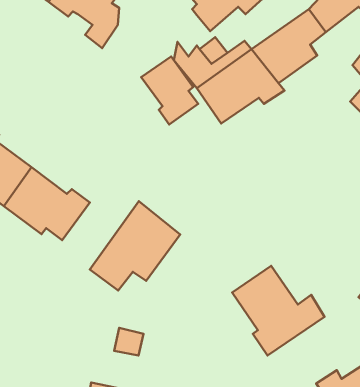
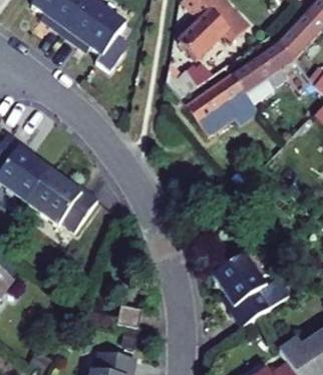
building: [141,56,198,125] -> none
building: [90,201,180,291] -> none

